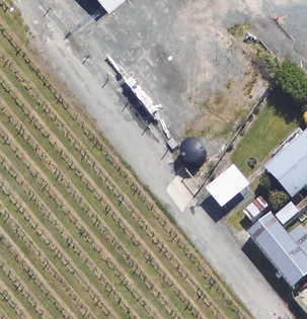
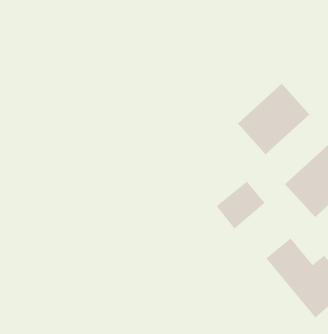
building: none -> [237,83,310,155]

